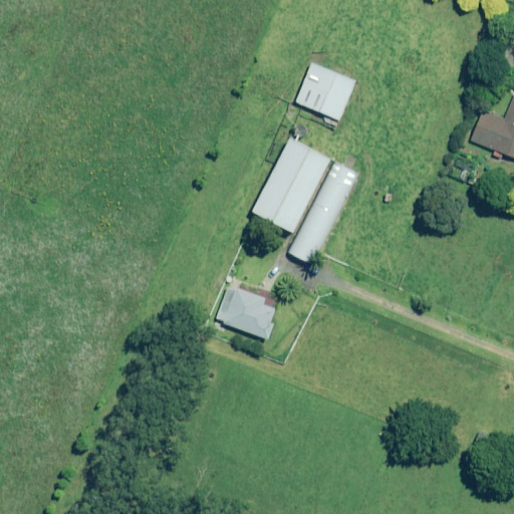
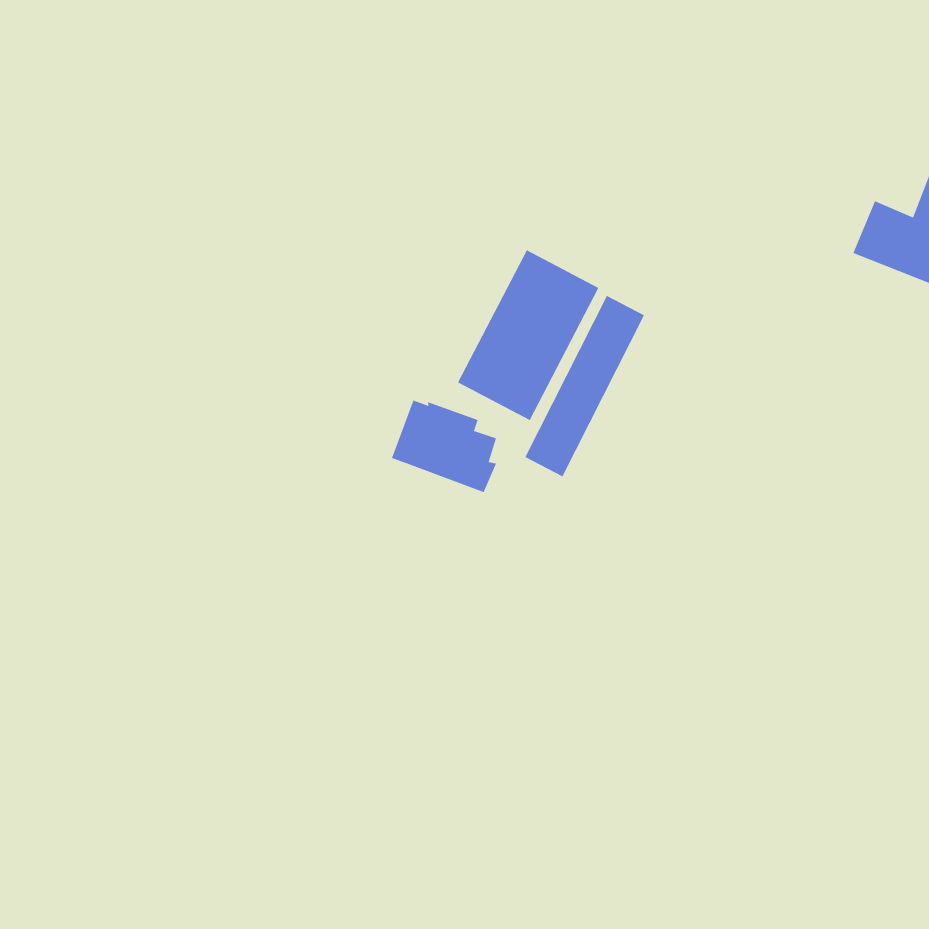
building: [295,62,355,119] -> none
building: [216,287,274,338] -> [391,400,497,493]

